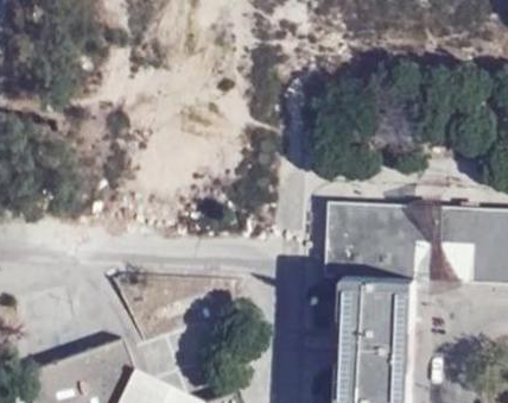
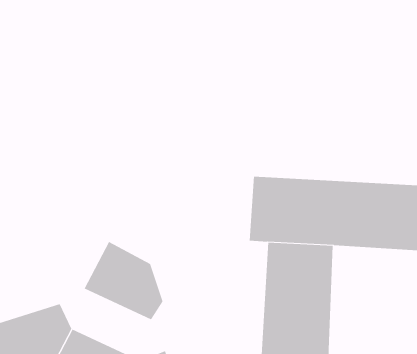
building: none -> [84,241,163,320]

